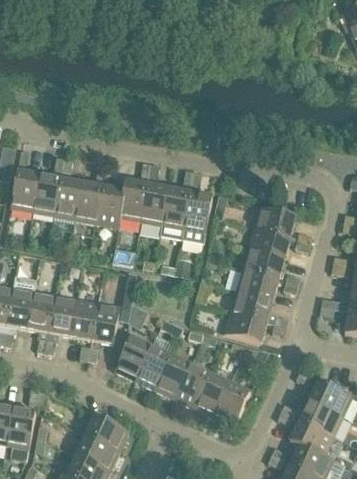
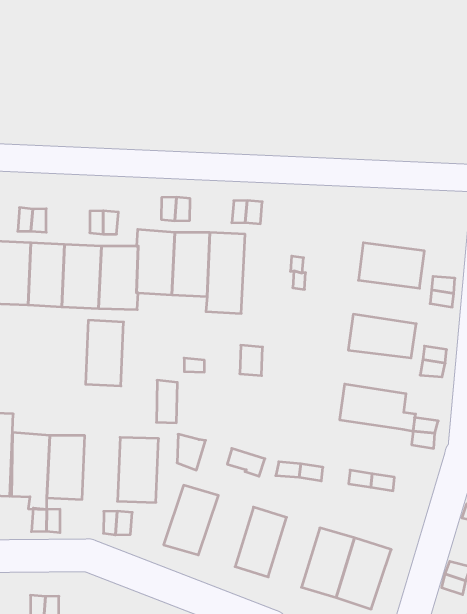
building: [181,190,213,241] -> none
building: [248,227,290,258] -> none
building: [237,268,279,299] -> none
building: [70,297,98,339] -> [86,320,124,386]
building: [225,309,268,342] -> none
building: [135,344,172,388] -> none
building: [175,363,210,406] -> none

